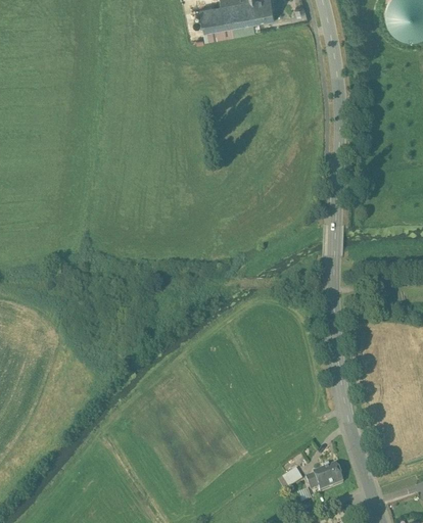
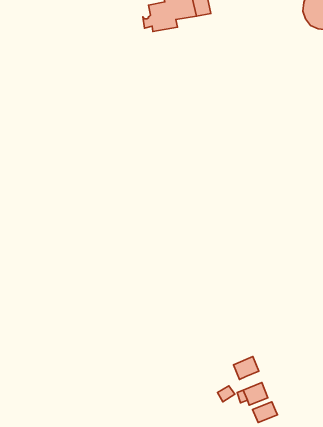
building: none -> [234,357,259,379]
building: none -> [253,402,277,423]

